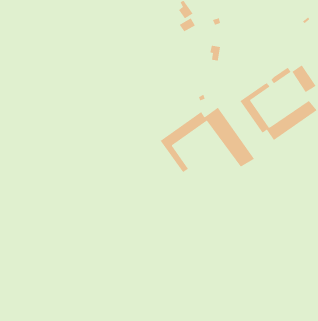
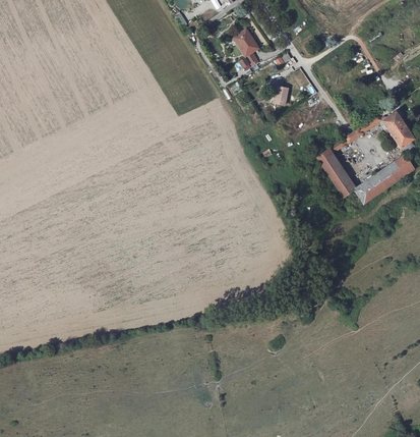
building: [160,107,255,173] -> none

